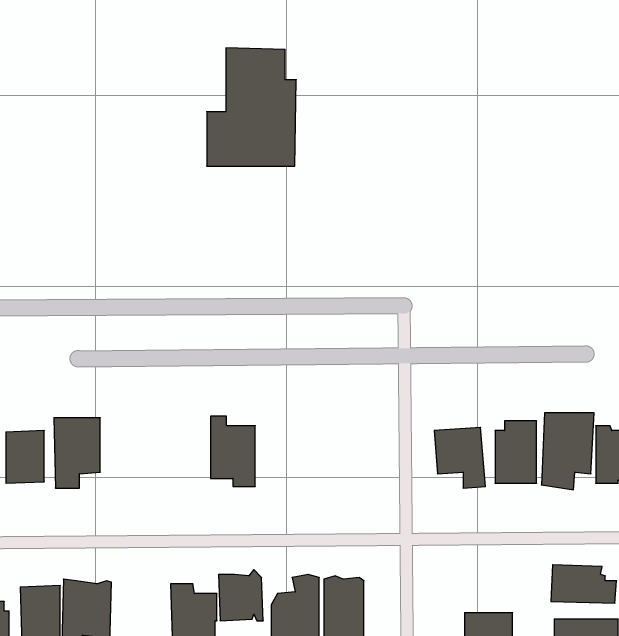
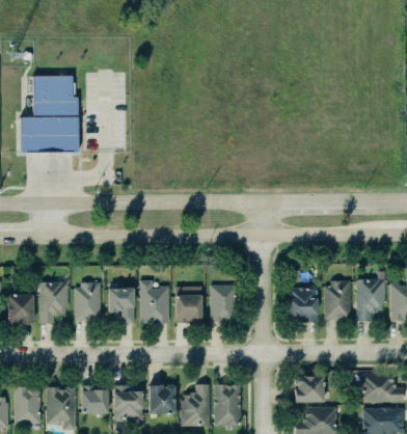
building: [207,48,296,166] -> [22,78,80,155]
building: none -> [74,280,100,321]
building: none -> [209,282,234,320]
building: none -> [106,283,134,326]
building: none -> [173,283,200,323]
building: none -> [293,372,322,403]
building: none -> [79,385,108,412]

